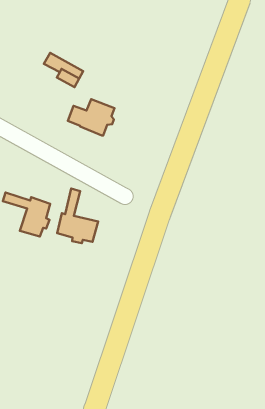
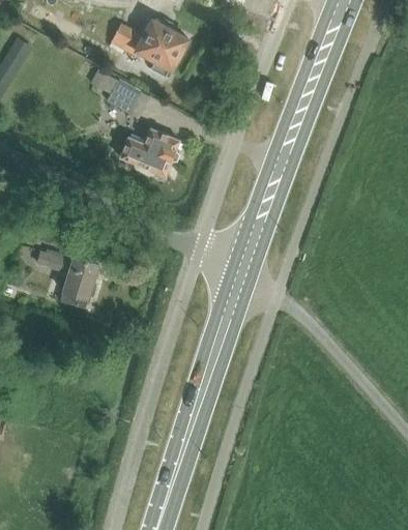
building: none -> [109,19,191,78]
building: [57,189,98,243] -> none

